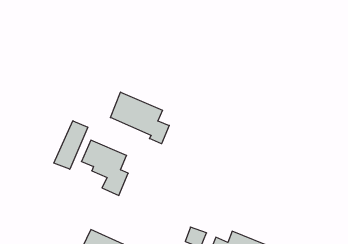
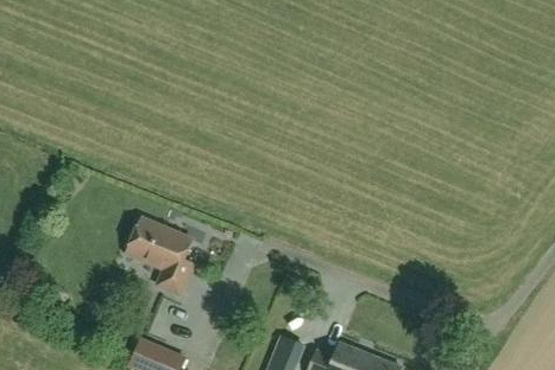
building: [110,92,169,144] -> none
building: [54,121,88,169] -> none

